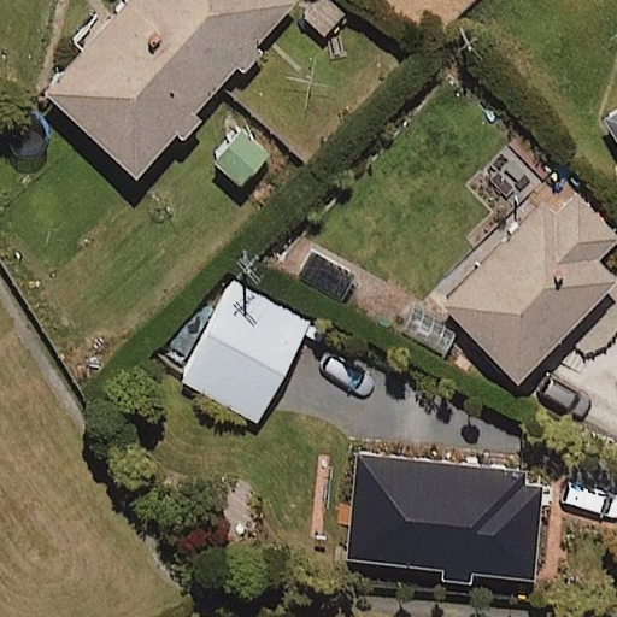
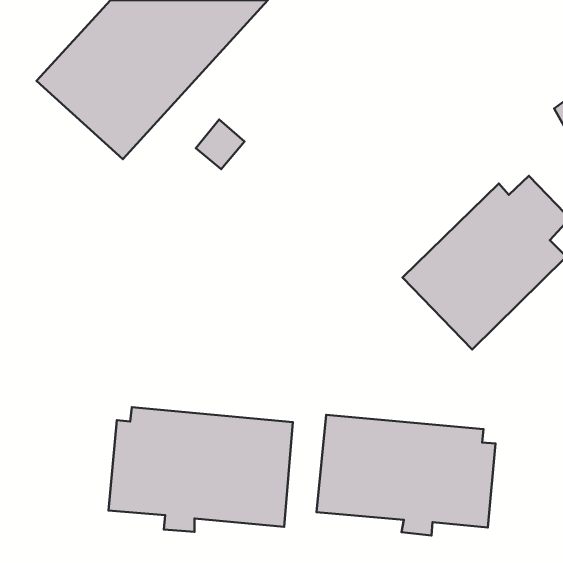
building: [182,281,311,421] -> none
building: none -> [108,407,293,532]

